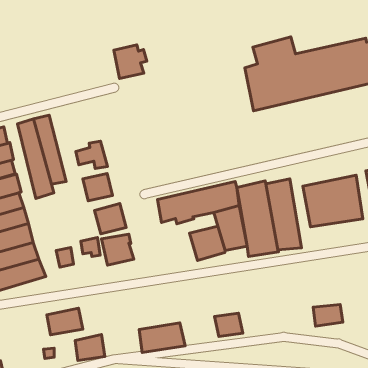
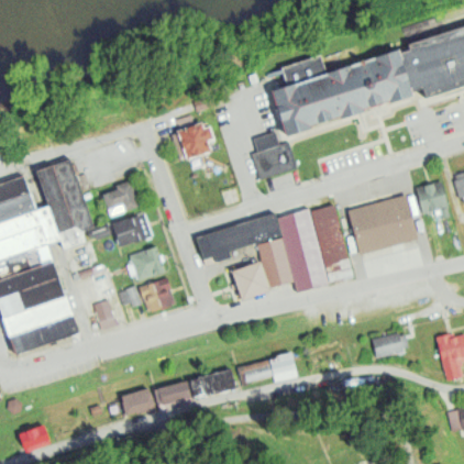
building: [114,45,147,78] -> [178,122,214,159]
building: none -> [247,132,296,179]
building: [47,308,83,335] -> [150,380,189,411]
building: none -> [234,361,269,385]

